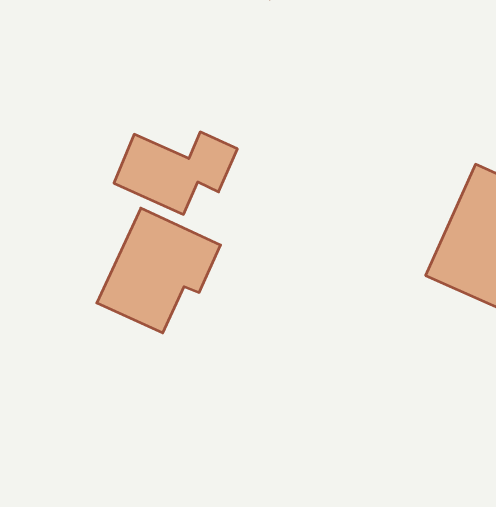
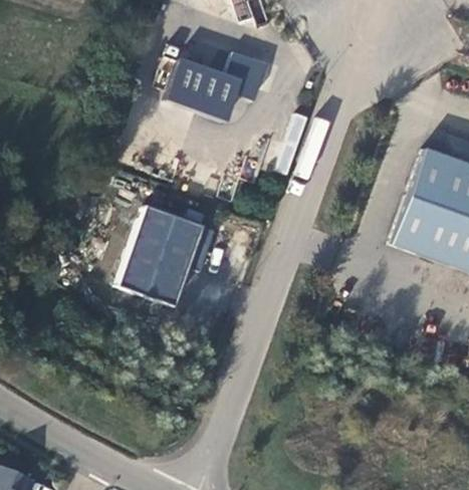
building: [114,132,237,214] -> [166,49,267,119]

